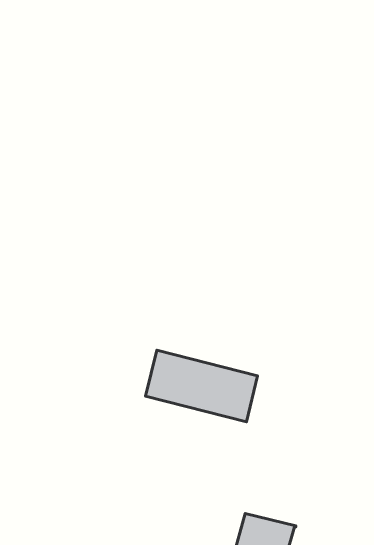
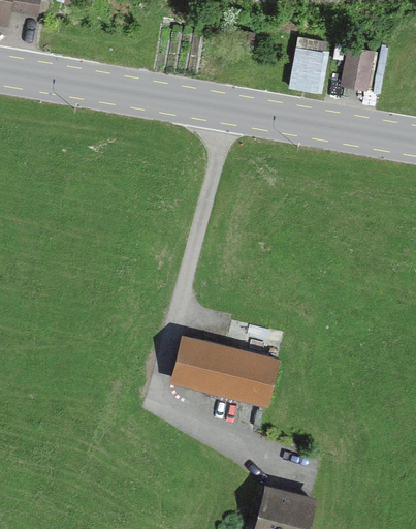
building: none -> [292,46,331,94]
building: none -> [342,48,375,90]

